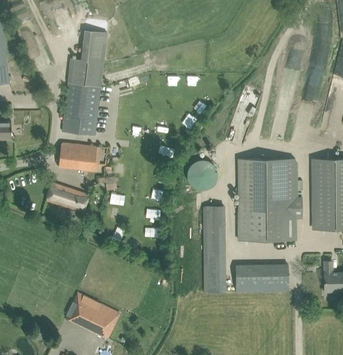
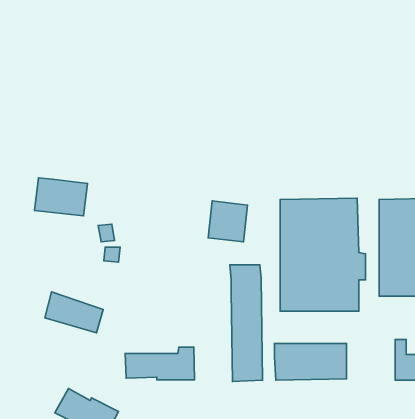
building: [62,31,105,135] -> none
building: [46,182,89,212] -> [45,292,103,333]
building: none -> [125,347,194,380]

